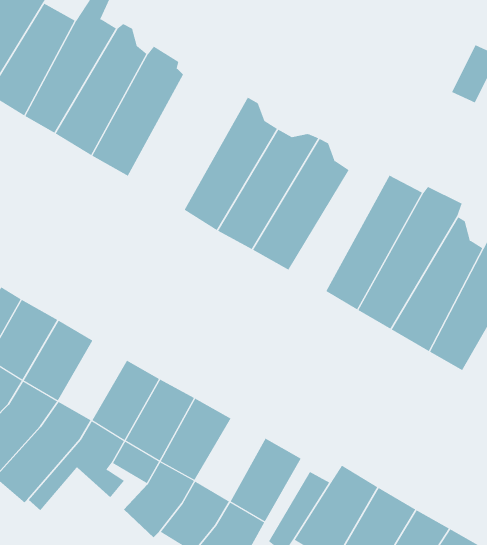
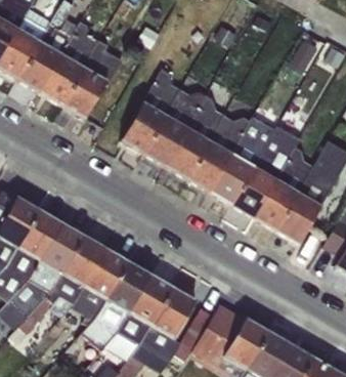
building: none -> [187,114,252,192]
building: none -> [39,223,83,275]
building: none -> [127,274,172,327]

